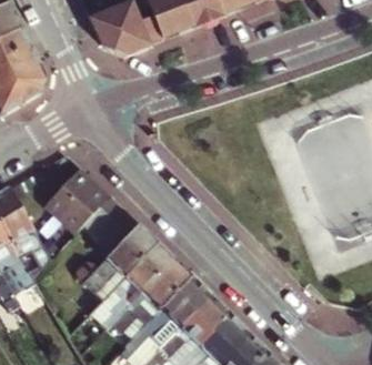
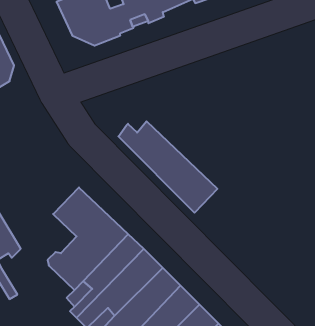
building: none -> [118,121,217,213]
building: [49,172,110,234] -> none

